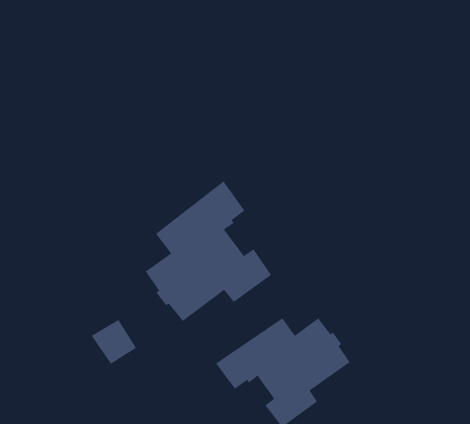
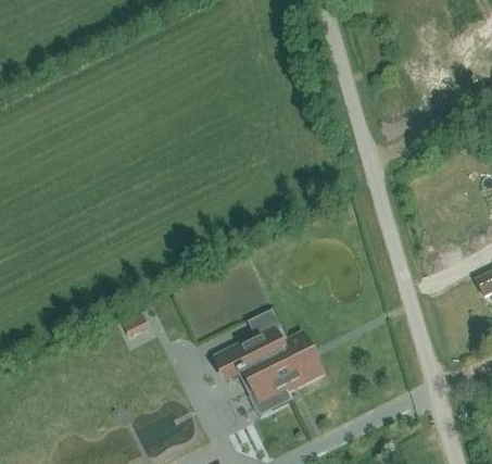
building: [145,181,272,322] -> none

